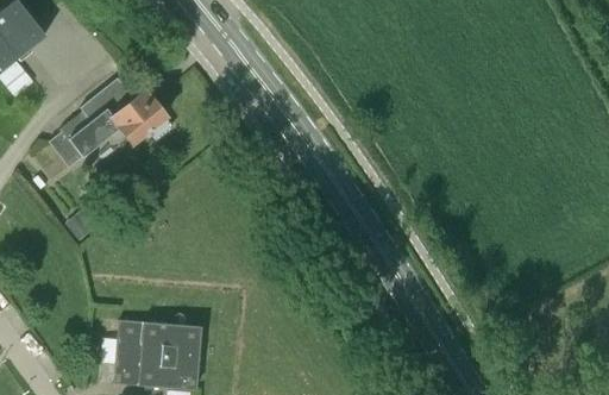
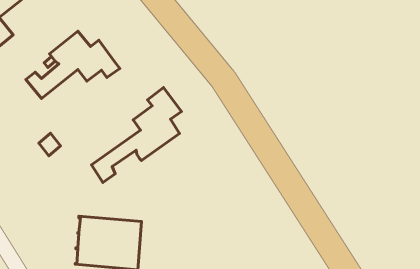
building: none -> [92,88,181,182]

